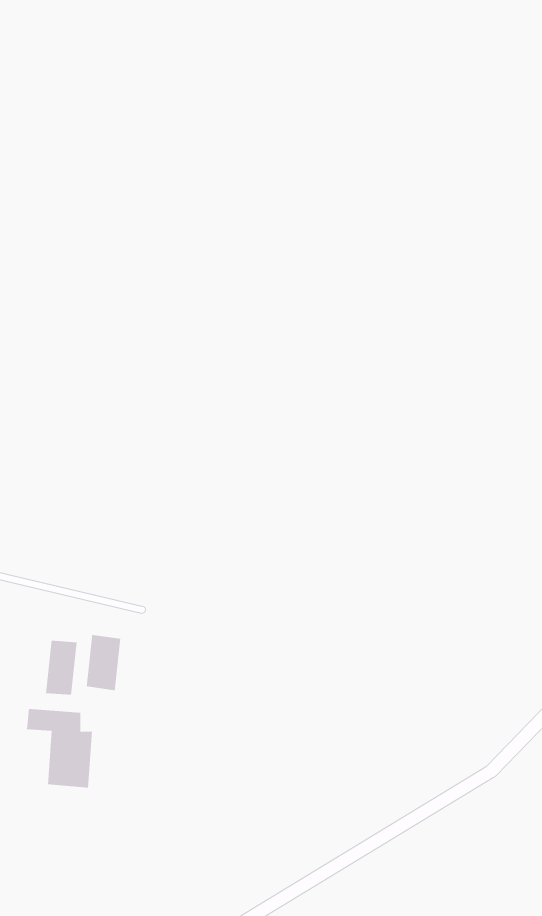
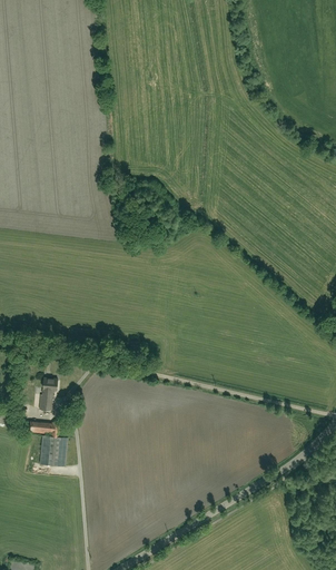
building: [86,634,121,691] -> none

